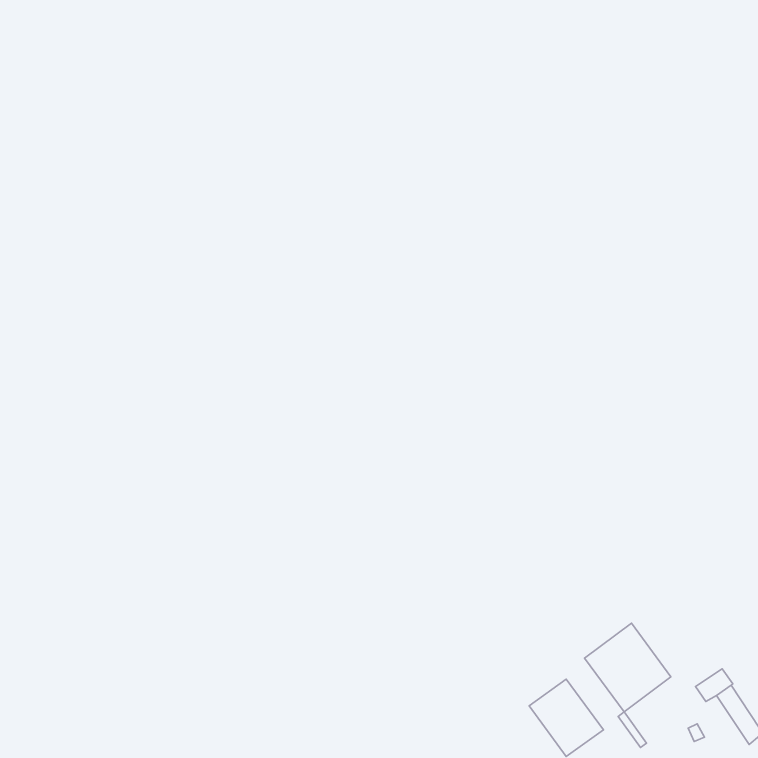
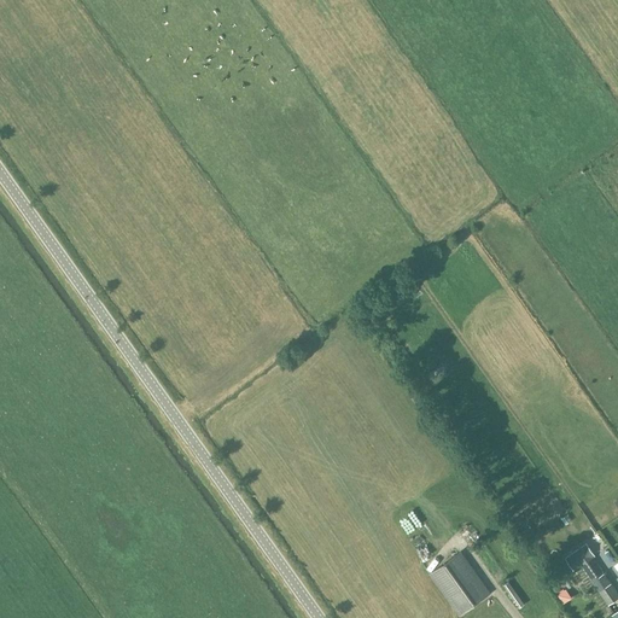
building: [585,623,671,712] -> none

